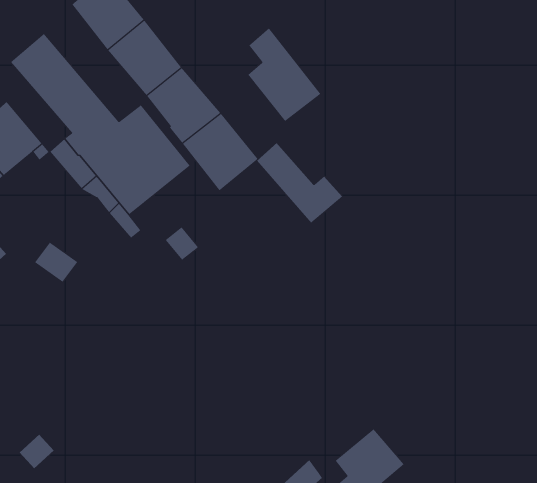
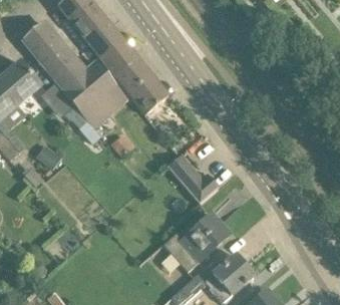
building: [248,27,321,122] -> none
building: [256,142,343,223] -> [166,155,218,203]
building: none -> [162,213,229,271]

